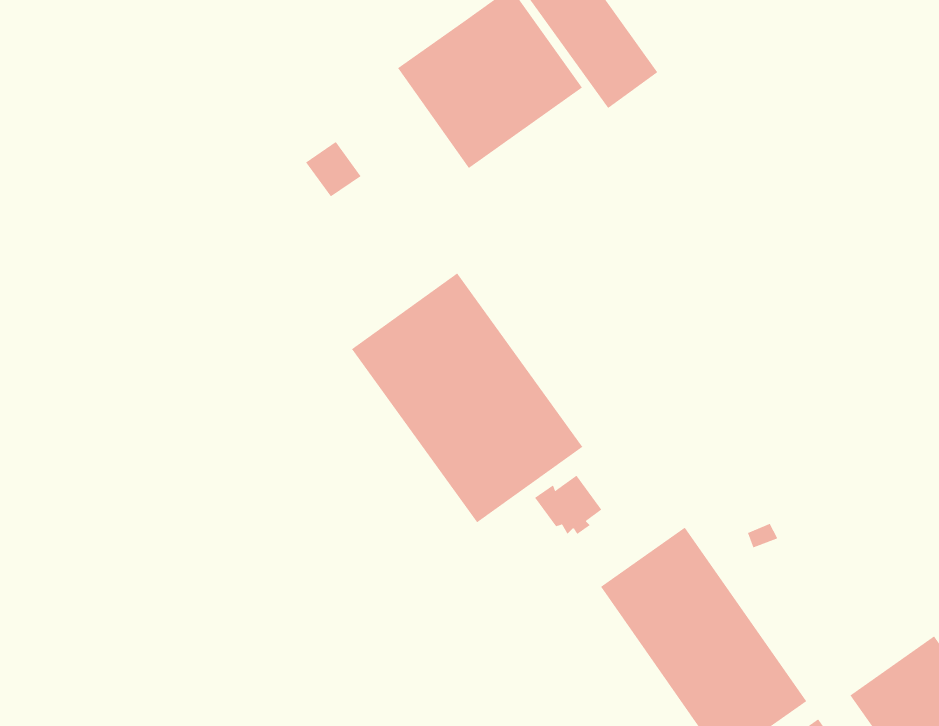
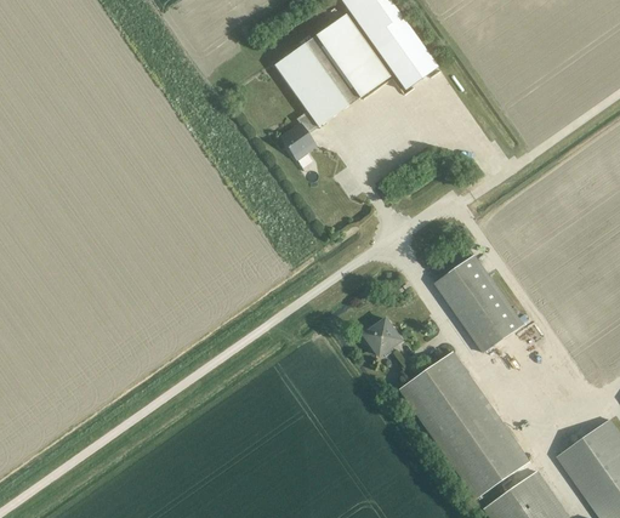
building: [305,141,361,197] -> [280,124,315,159]
building: [351,273,583,523] -> none
building: none -> [436,256,524,353]

